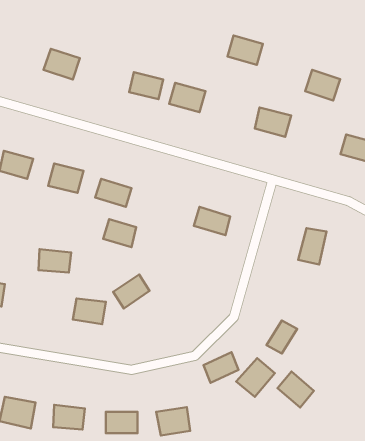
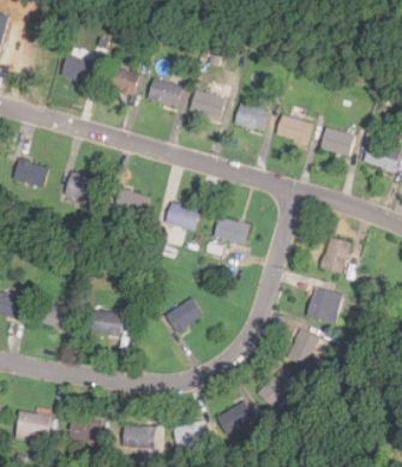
building: [228,35,263,65] -> [234,102,270,132]
building: none -> [103,65,139,95]
building: [305,70,340,100] -> [319,126,355,157]
building: [103,219,136,247] -> [166,202,199,230]
building: [38,249,71,273] -> [36,303,70,327]
building: [113,274,150,308] -> [166,298,203,333]
building: none -> [307,287,343,323]
building: [203,352,239,383] -> [217,402,253,433]
building: [277,371,314,408] -> none

